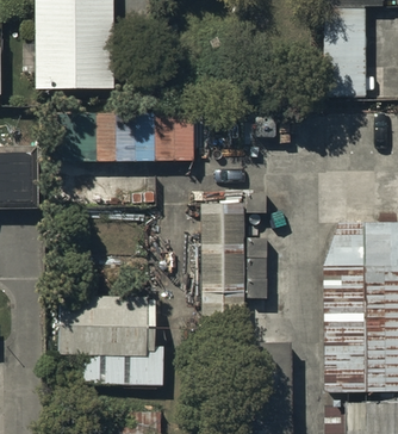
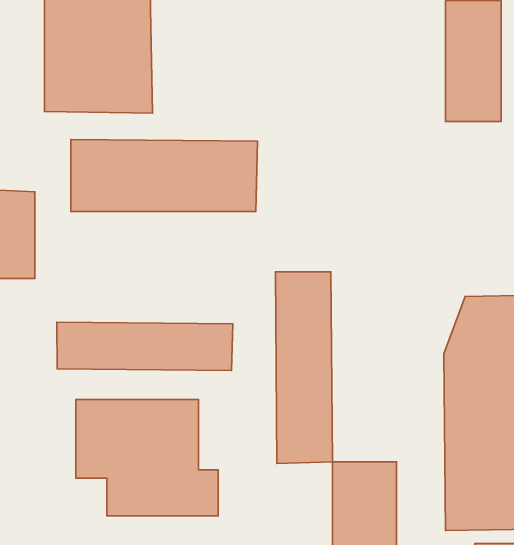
building: none -> [57,322,233,370]

